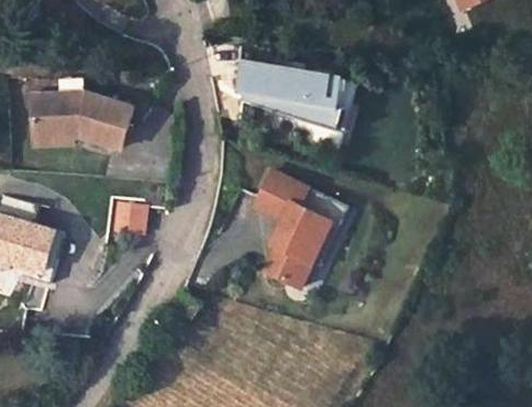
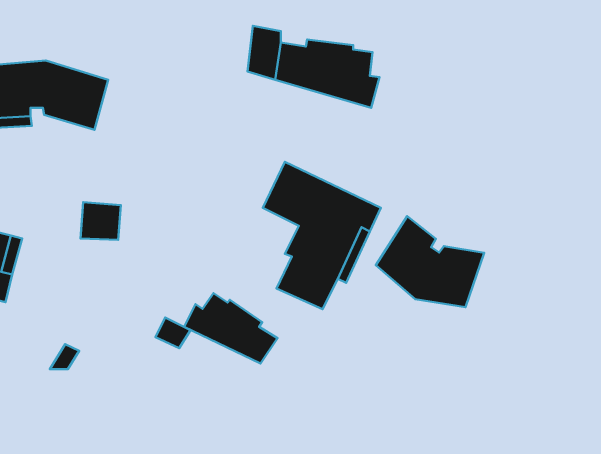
building: none -> [376,216,484,307]
building: none -> [184,293,277,364]

